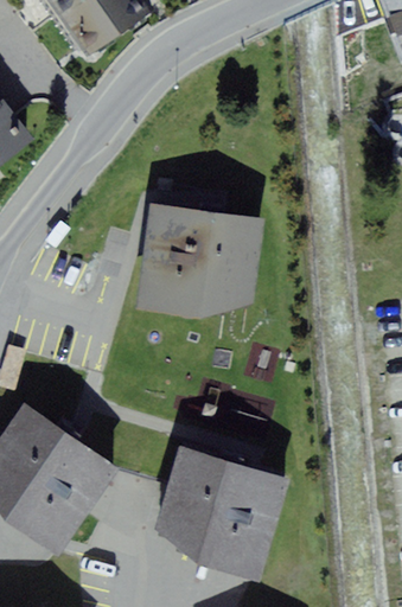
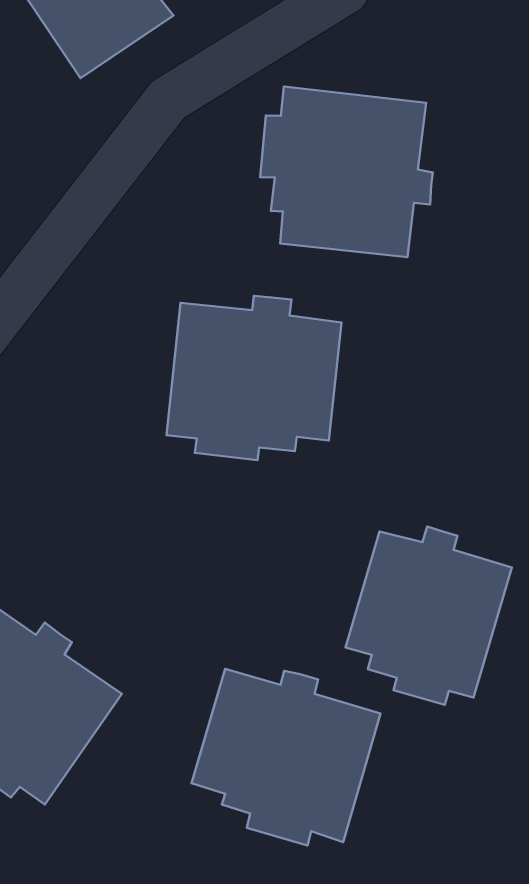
building: none -> [260,86,433,257]
building: none -> [345,526,512,705]

